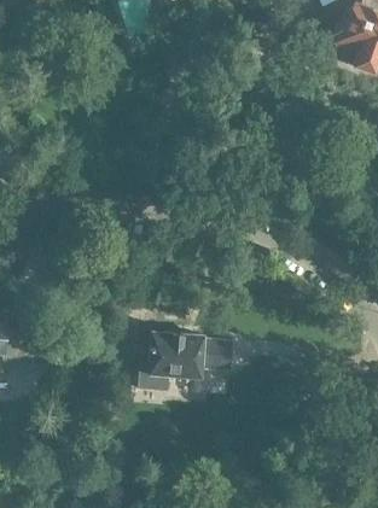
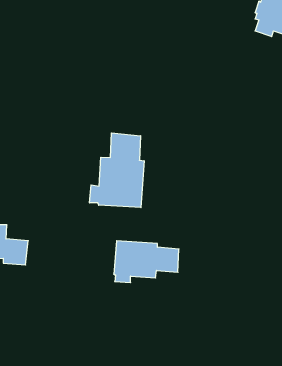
building: none -> [90,133,144,208]

